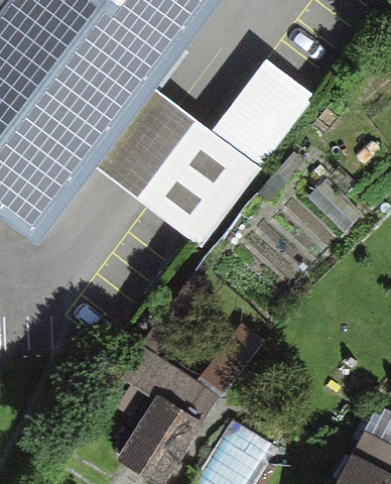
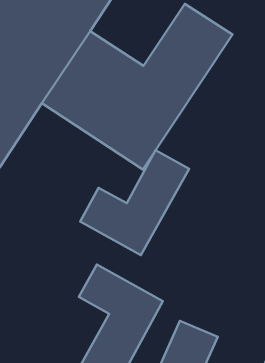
building: none -> [80,150,189,255]

